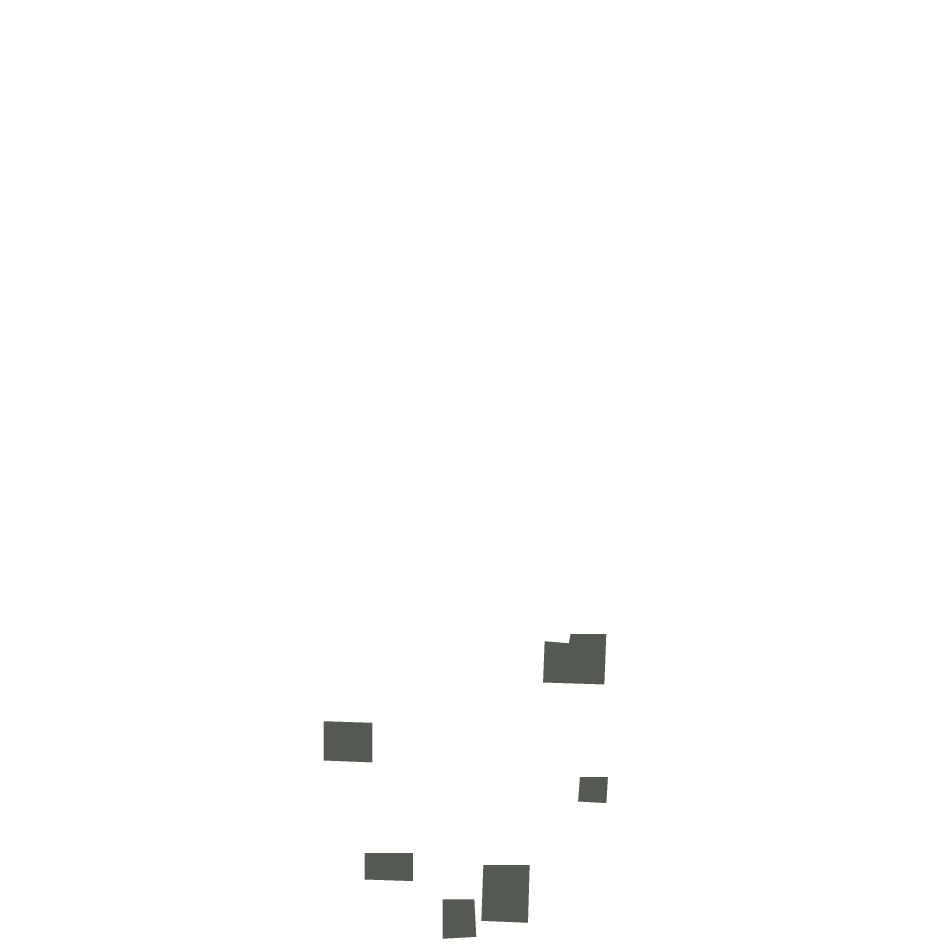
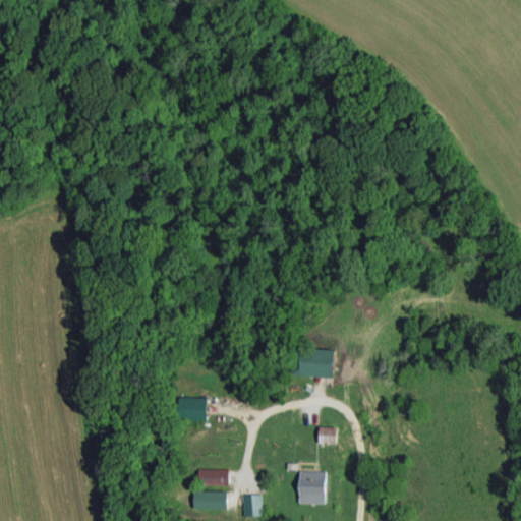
building: [481,864,531,923] -> [297,471,325,504]
building: none -> [202,491,225,509]

